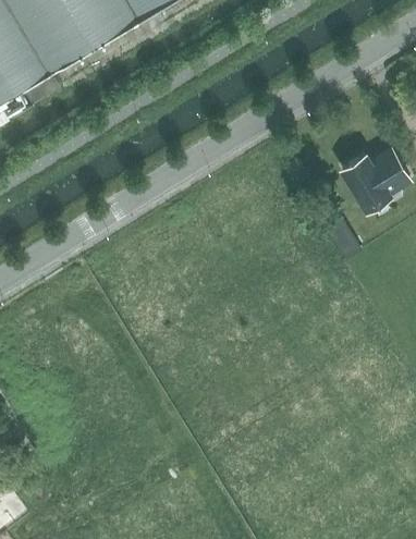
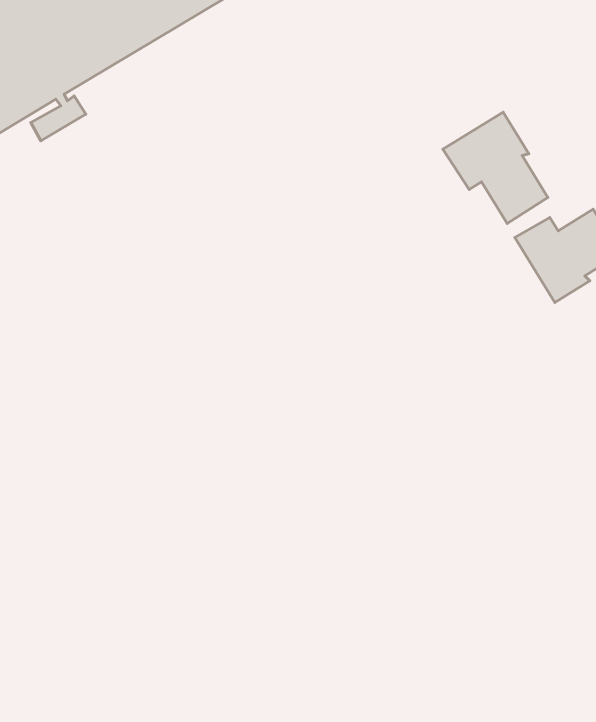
building: none -> [443,112,548,224]

